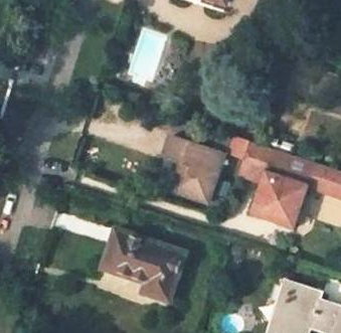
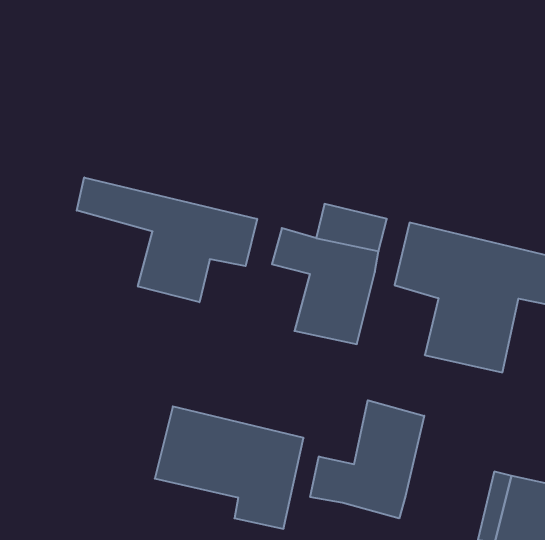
building: none -> [77,177,257,302]
building: none -> [310,400,424,518]

